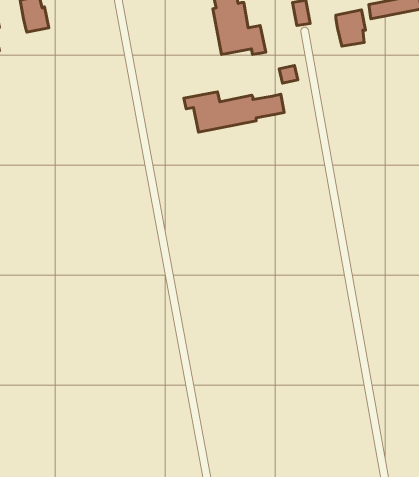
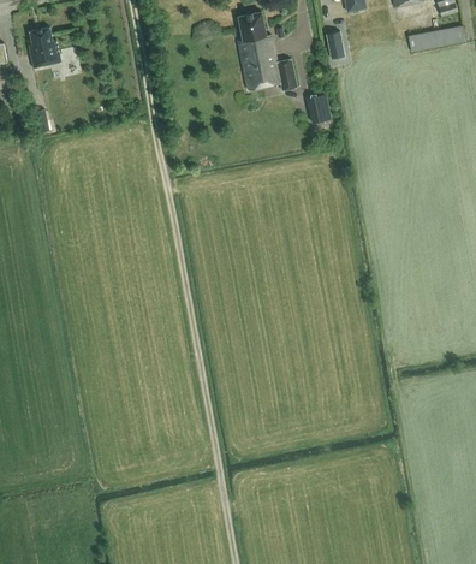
building: [336,10,366,46] -> none
building: [184,92,284,132] -> none

